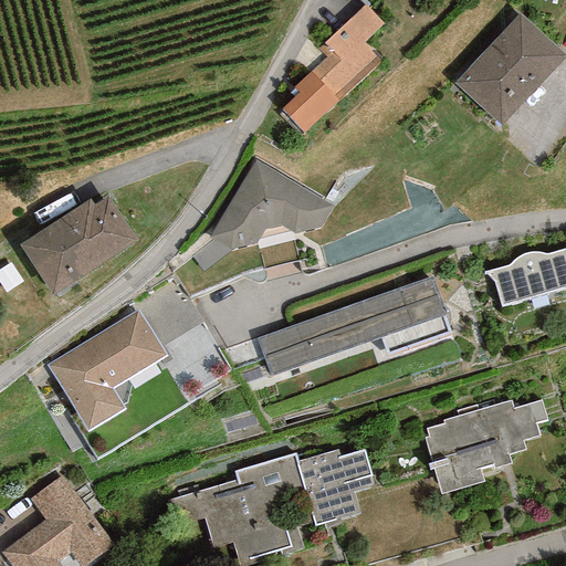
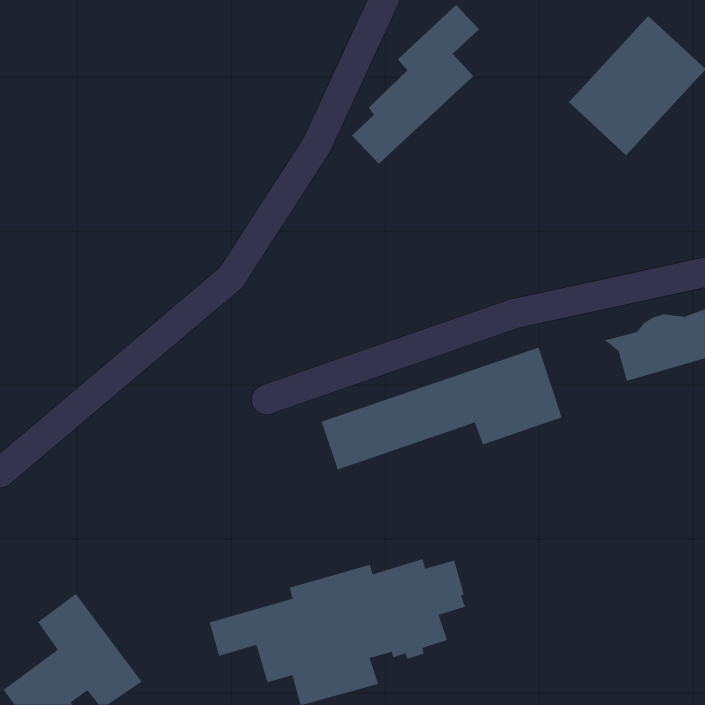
building: [210,159,334,249] -> none
building: [20,195,139,295] -> none
building: [49,308,167,429] -> none
building: [424,400,546,494] -> none

